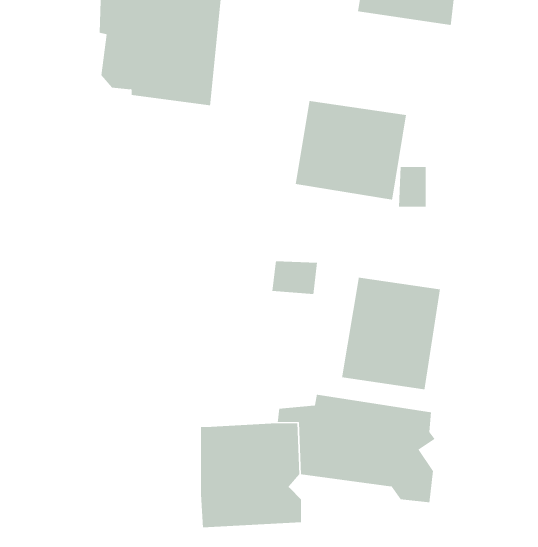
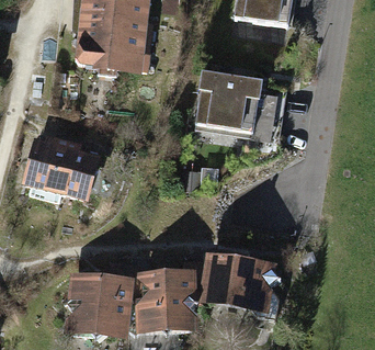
building: none -> [20,134,99,201]
building: [341,277,440,390] -> none
building: none -> [62,260,140,339]

